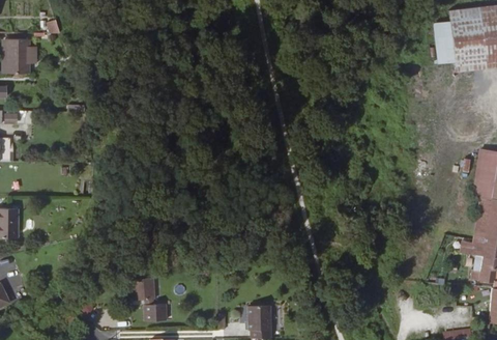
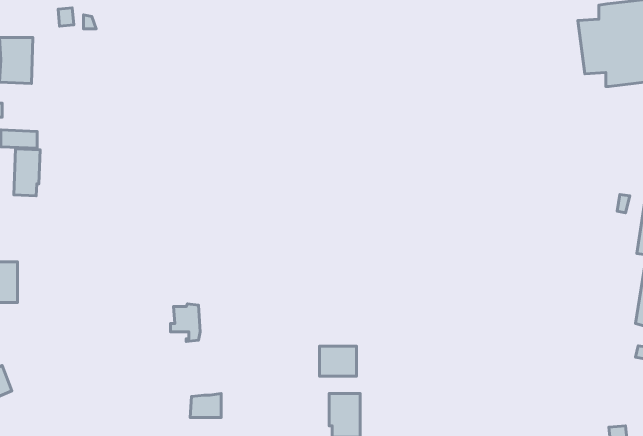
building: none -> [14,149,40,196]
building: none -> [320,346,357,376]
building: [135,278,156,306] -> [171,304,200,342]

